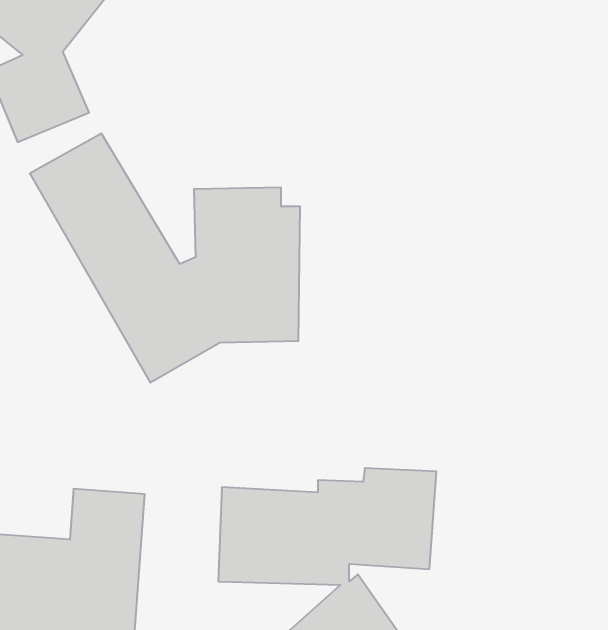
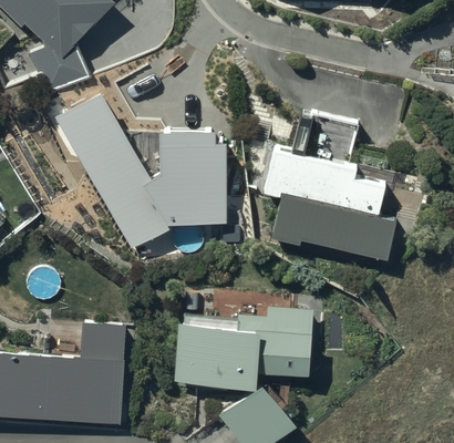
building: none -> [262,111,396,260]

